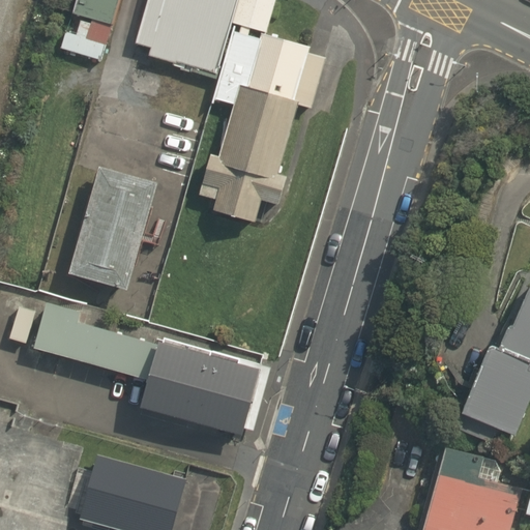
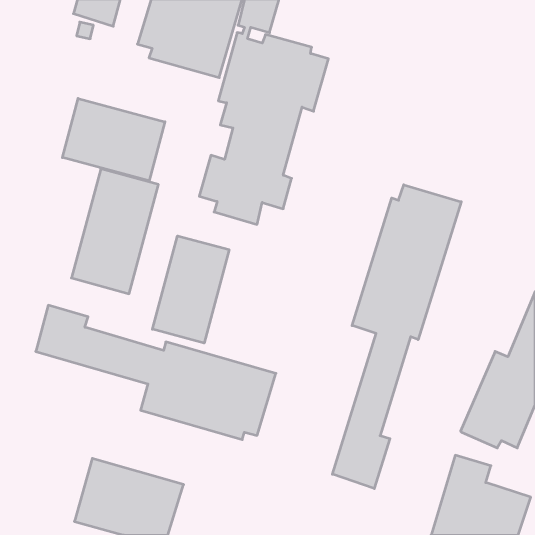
building: none -> [62,98,165,181]
building: none -> [332,185,461,489]
building: none -> [152,236,229,343]

